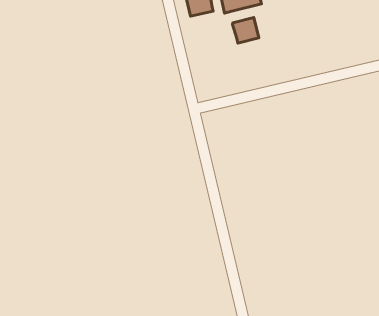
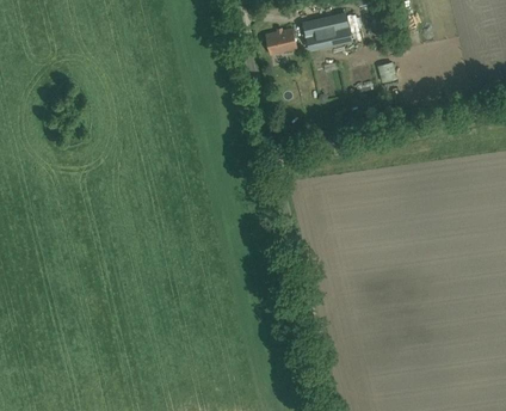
building: [233,18,259,43] -> none

